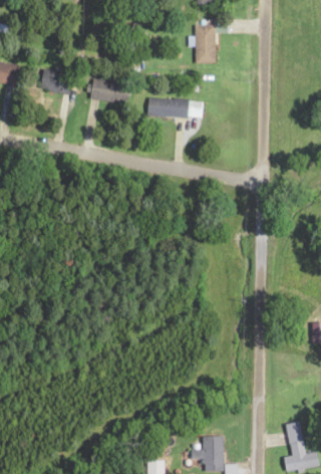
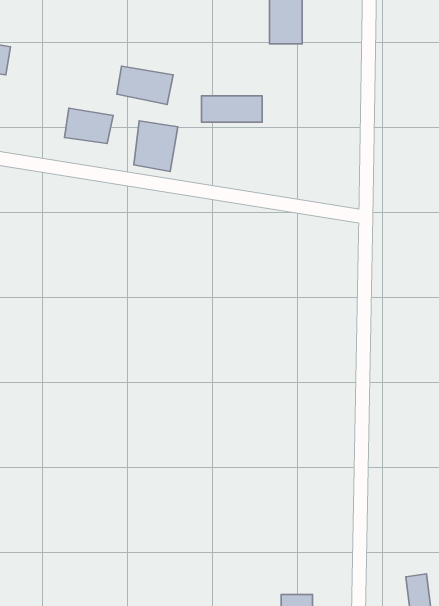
building: [40,68,73,92] -> [64,108,113,144]
building: none -> [134,121,178,172]

